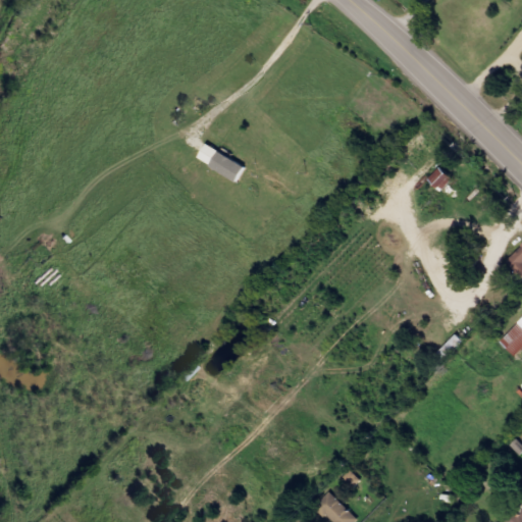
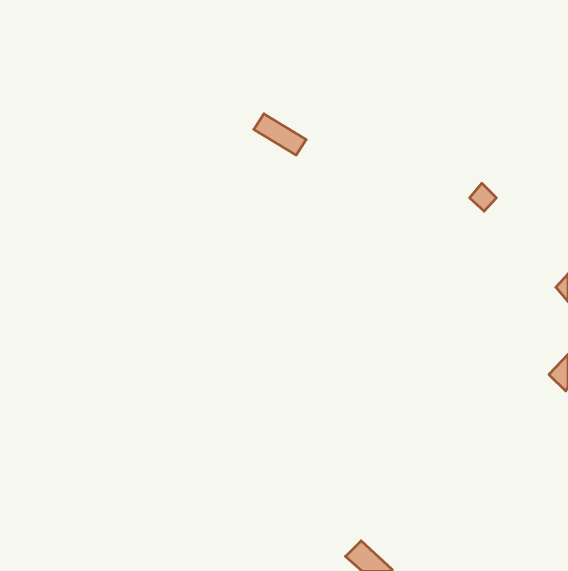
building: [198,145,246,182] -> [254,114,306,155]

